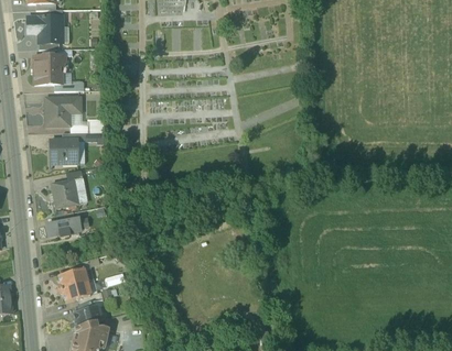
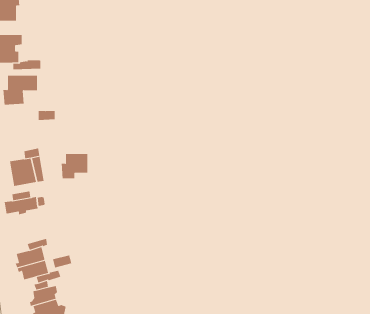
building: [49,139,76,164] -> [61,153,88,179]

